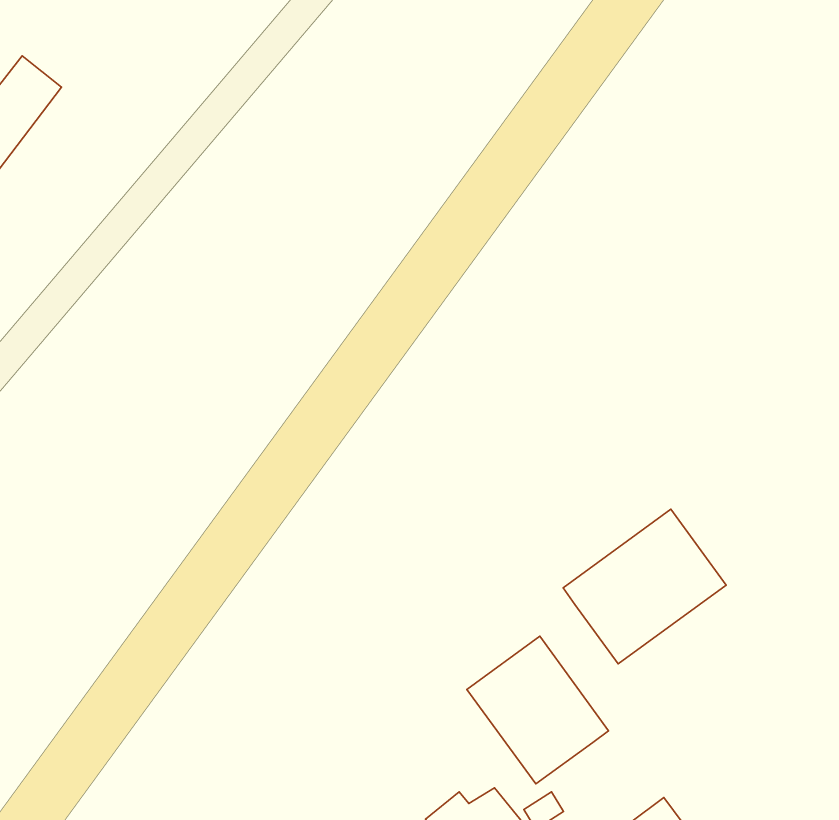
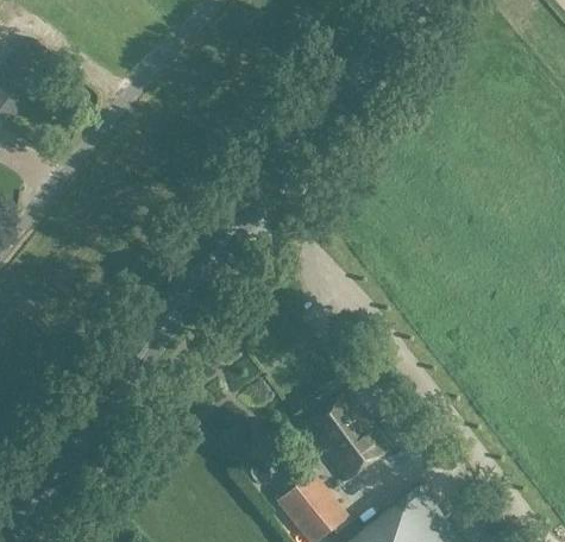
building: [563,509,726,664] -> none

